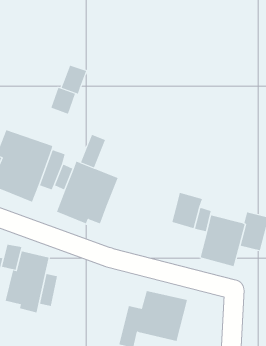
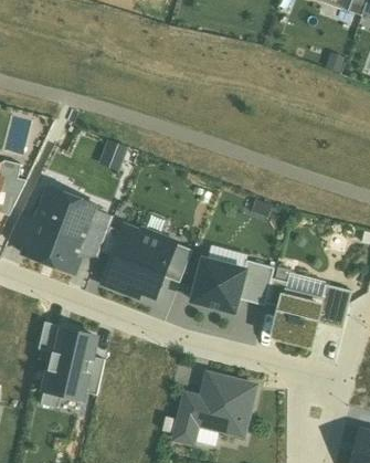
building: [61,65,87,94] -> none
building: [80,134,106,168] -> [162,243,192,283]
building: none -> [192,259,244,311]

